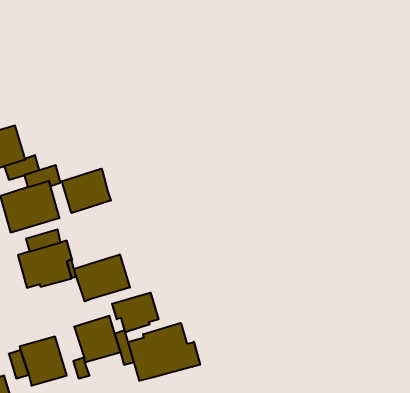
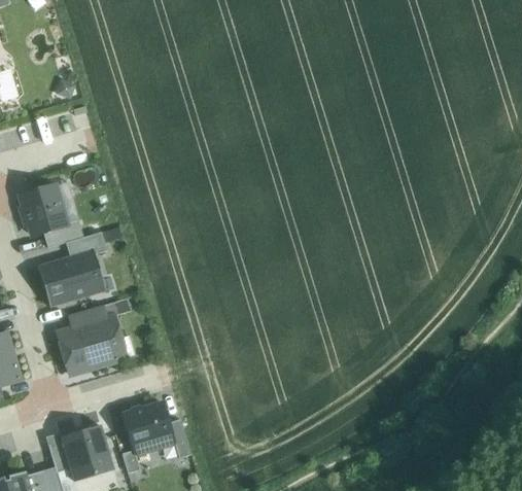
building: [62,169,111,213] -> none
building: [74,254,130,301] -> none
building: [112,293,159,332] -> none
building: [128,323,200,381] -> none

